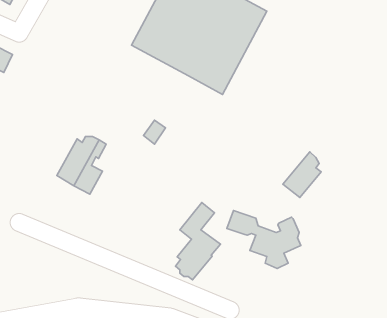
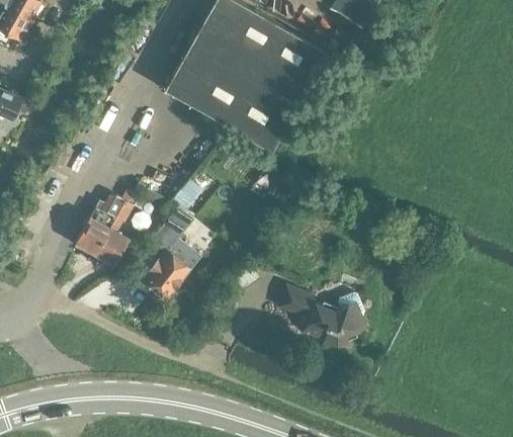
building: [283,152,321,198] -> none
building: [175,202,221,280] -> [147,207,200,299]

